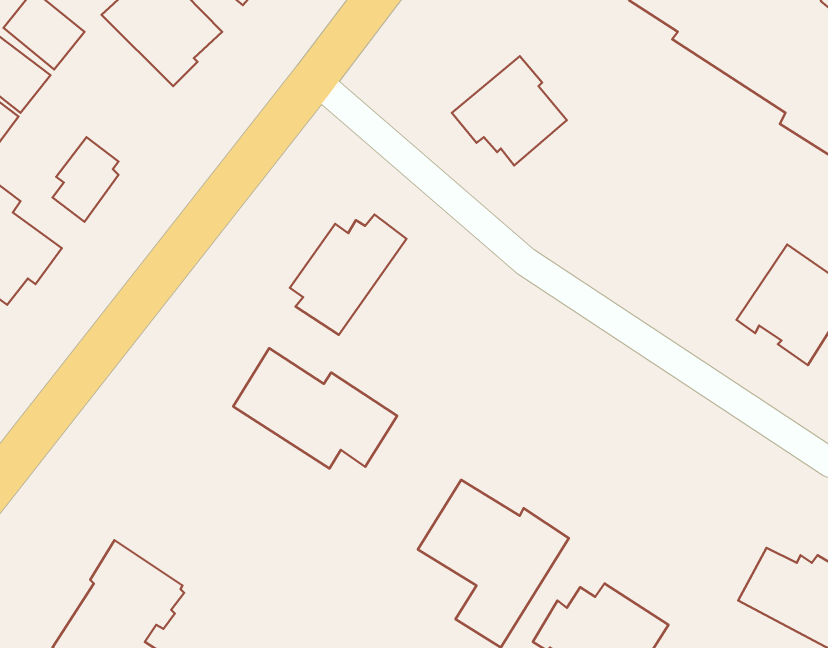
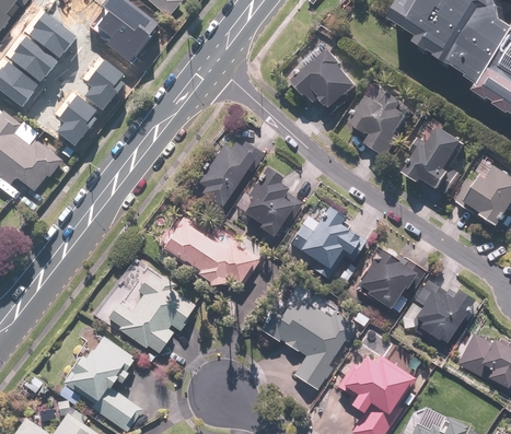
building: none -> [85,60,125,108]
building: none -> [351,90,407,157]
building: none -> [398,116,465,192]
building: none -> [236,167,304,247]
building: none -> [287,199,365,281]
building: none -> [358,245,425,314]
building: none -> [108,274,196,355]
building: none -> [409,281,476,345]

